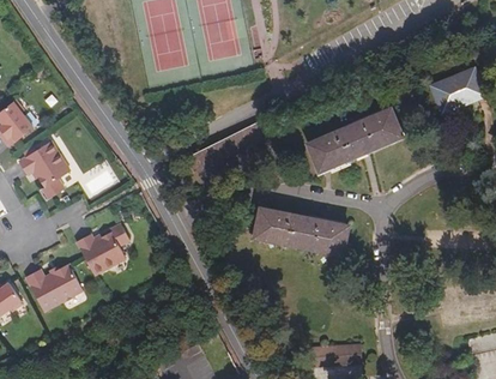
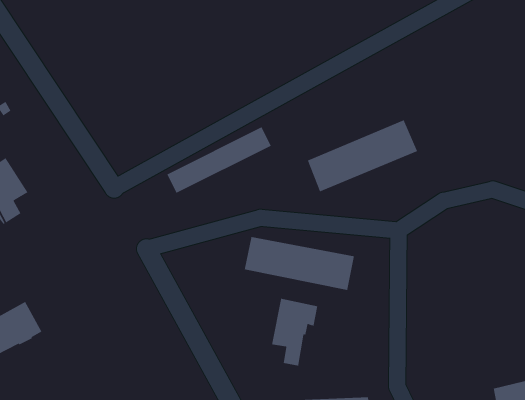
building: [430,72,483,112] -> none
building: [75,225,128,273] -> none
building: none -> [271,298,318,367]

